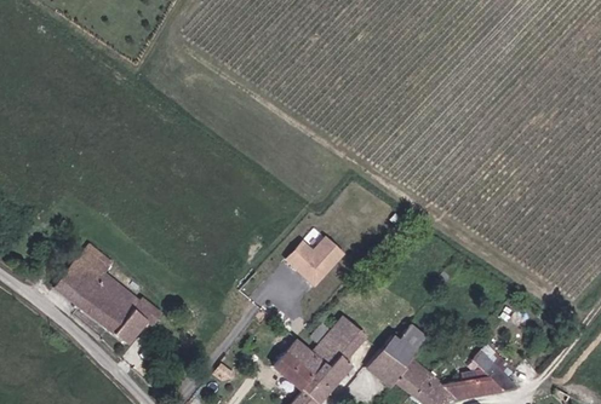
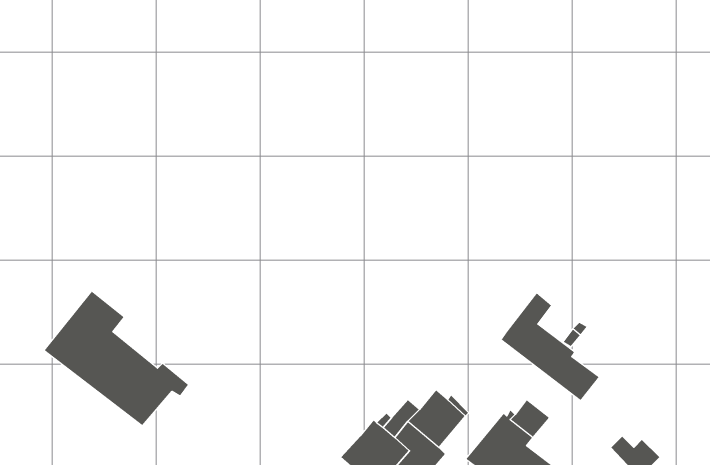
building: [282,232,345,285] -> none
building: none -> [501,293,599,401]

